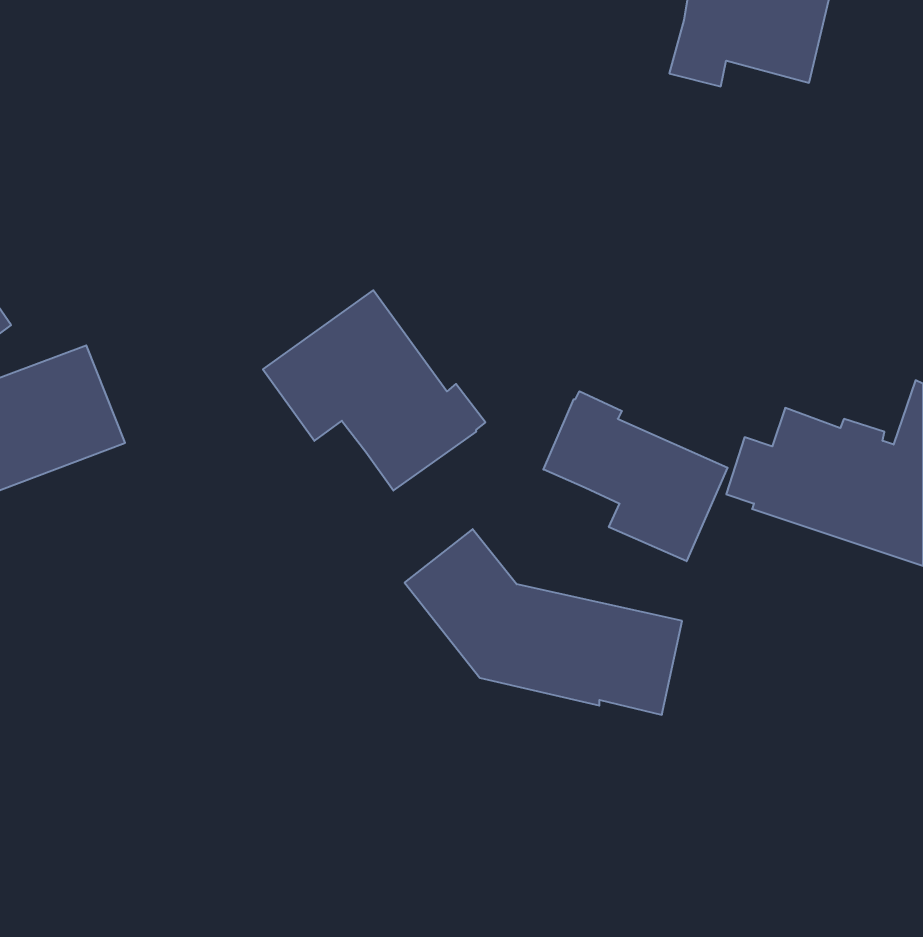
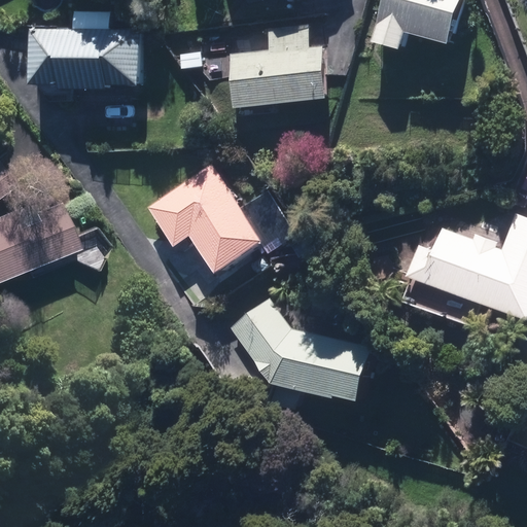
building: none -> [33,30,139,90]
building: none -> [227,46,327,112]
building: [543,391,728,561] -> none

